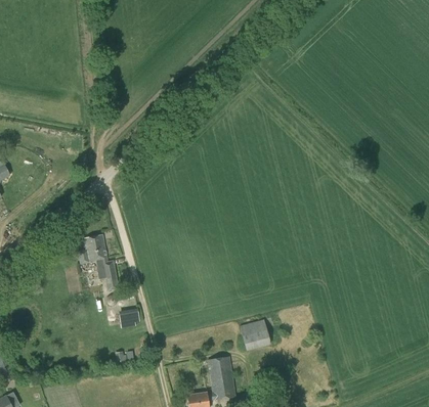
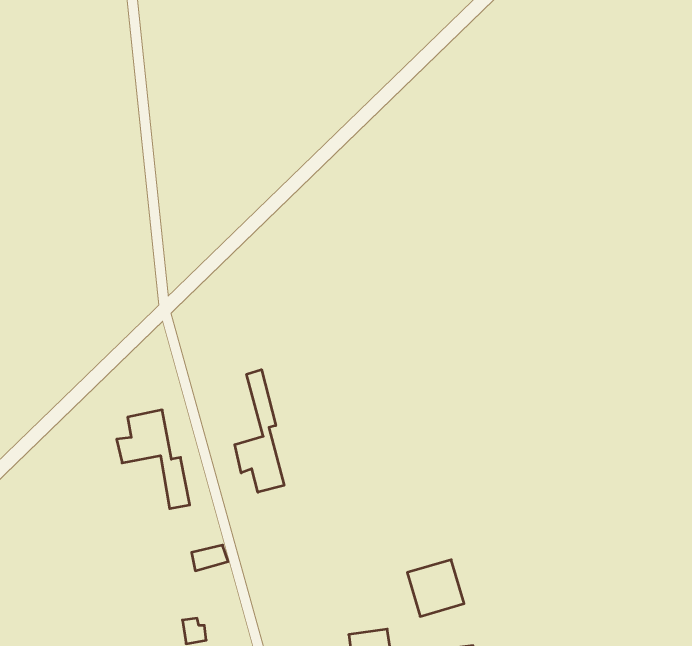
building: none -> [235,370,284,492]

